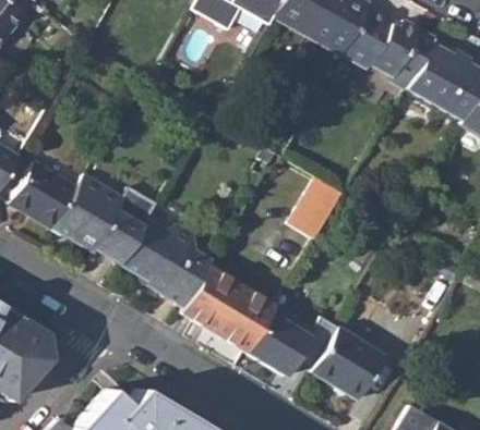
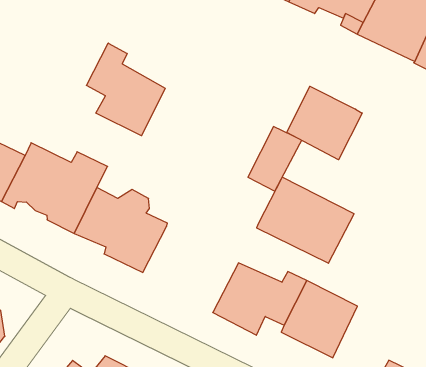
building: none -> [86,43,165,136]
building: none -> [287,86,362,160]
building: [181,263,276,349] -> [257,177,354,263]

